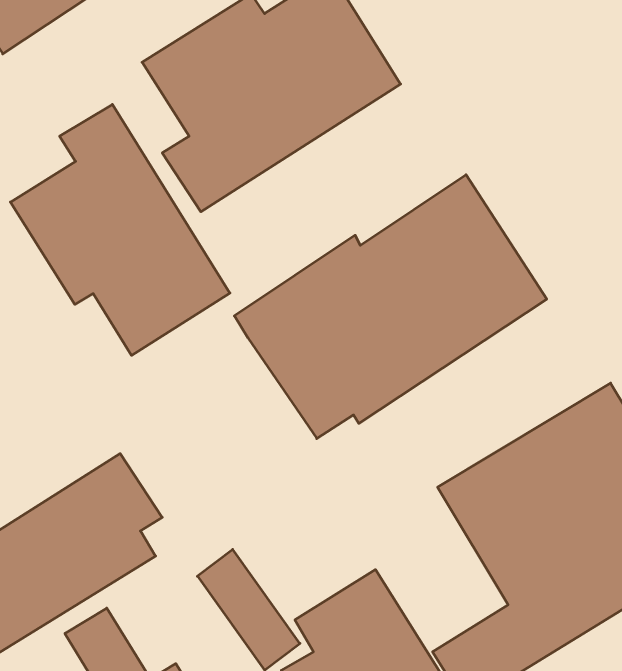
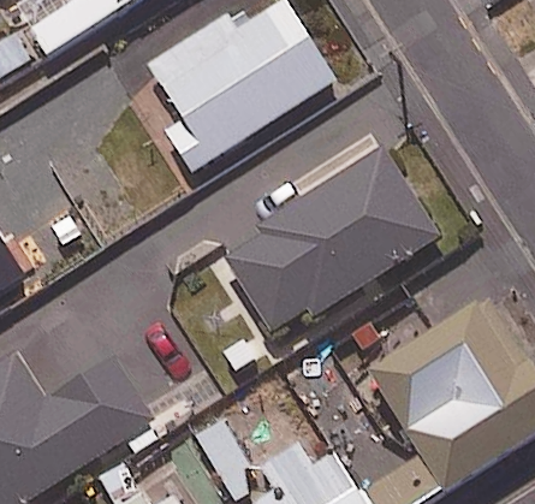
building: [10,104,230,355] -> none

